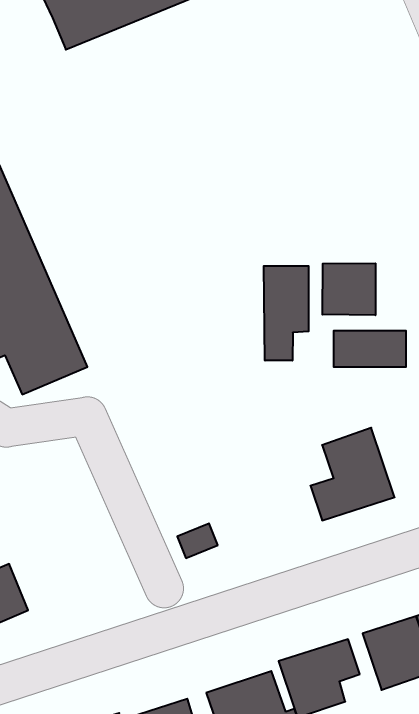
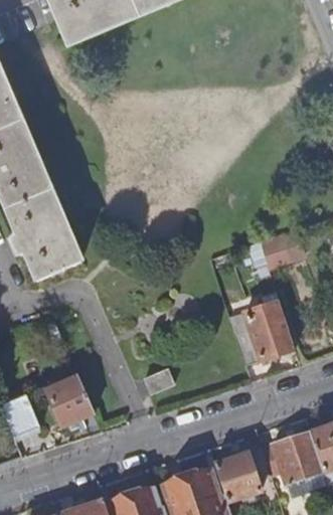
building: [322,263,375,315] -> none
building: [264,266,309,361] -> none
building: none -> [45,376,94,427]

